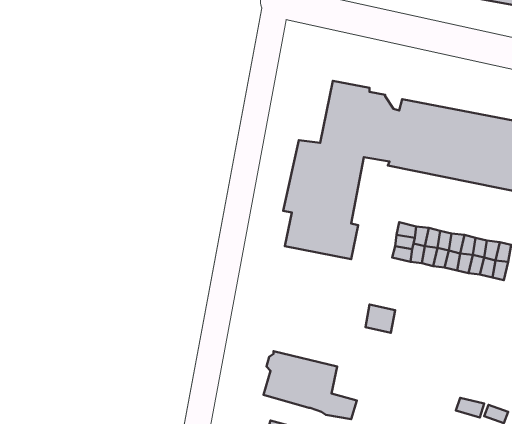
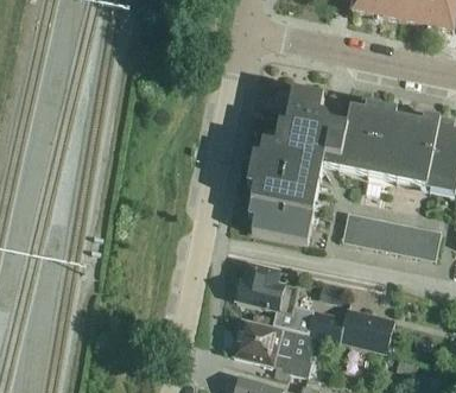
building: none -> [234,262,393,351]

